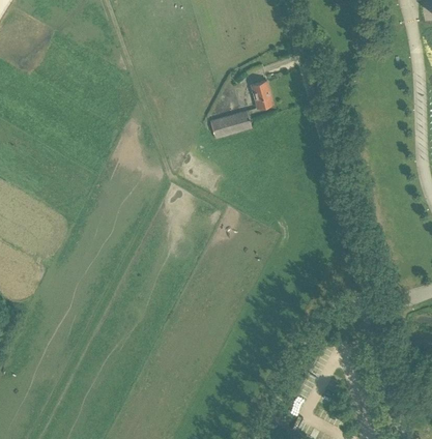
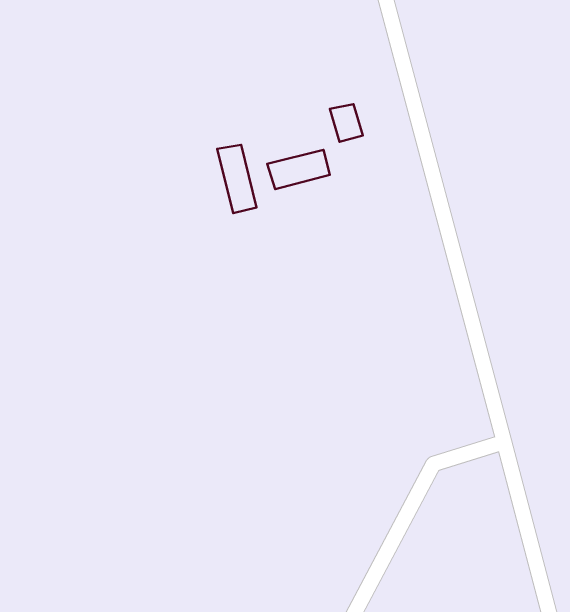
building: none -> [217,145,256,213]

